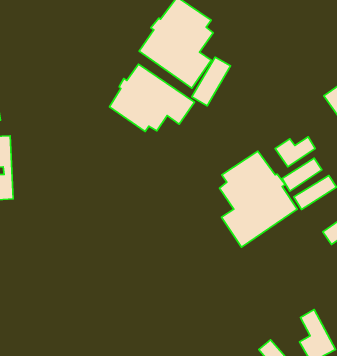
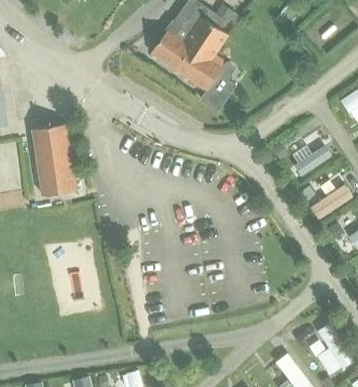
building: [109,64,194,131] -> none
building: none -> [30,125,75,197]
building: [220,151,297,247] -> none

